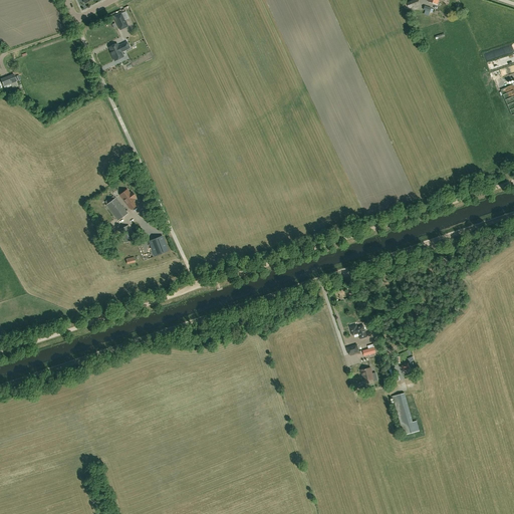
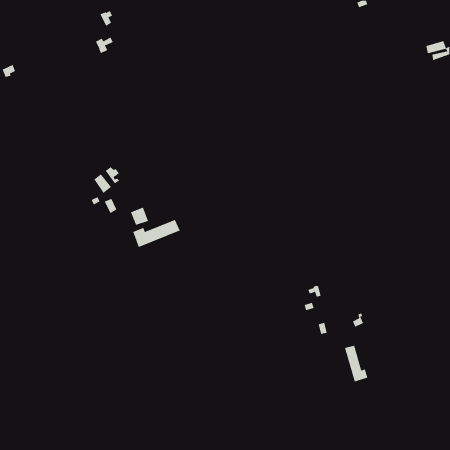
building: none -> [132,219,180,248]

